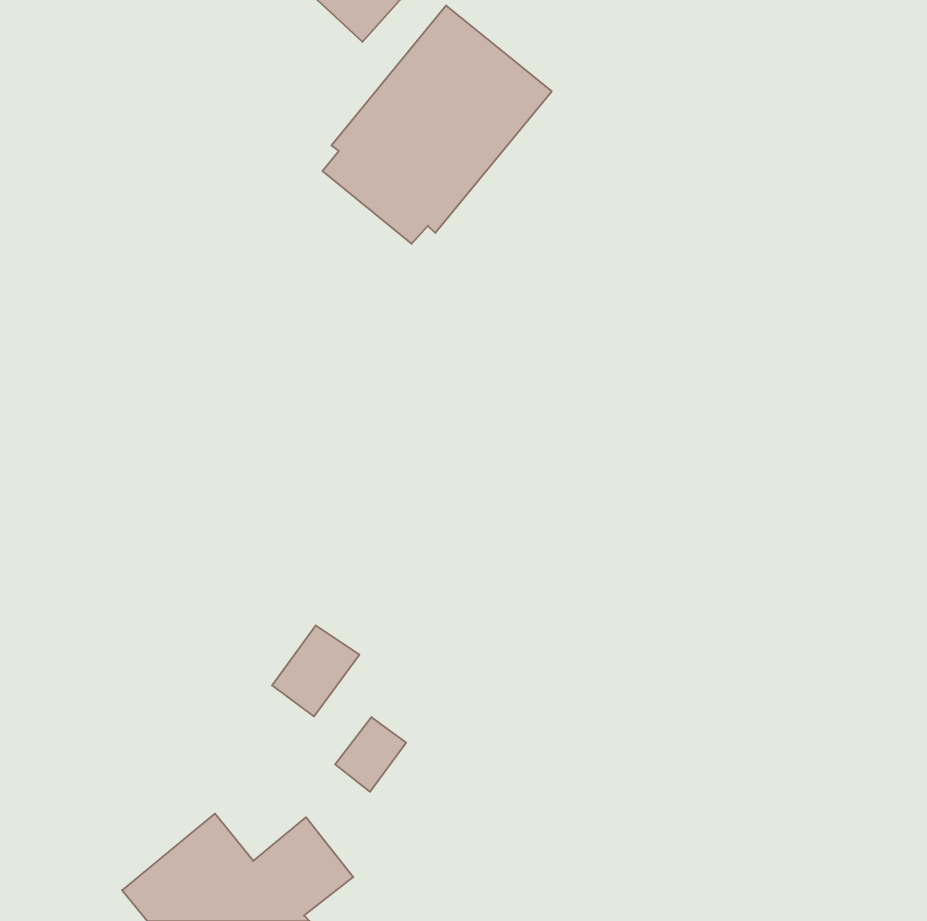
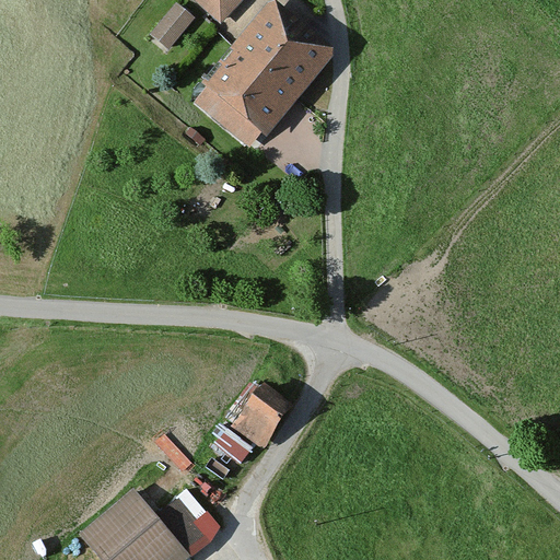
building: none -> [149,5,194,52]
building: [272,625,359,716] -> [235,387,288,442]

